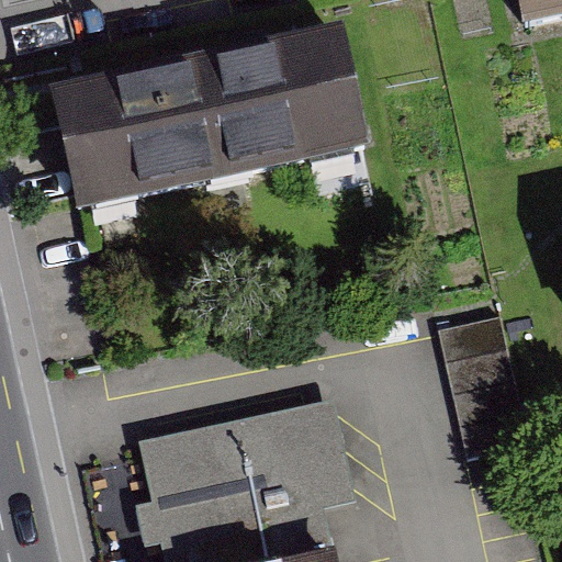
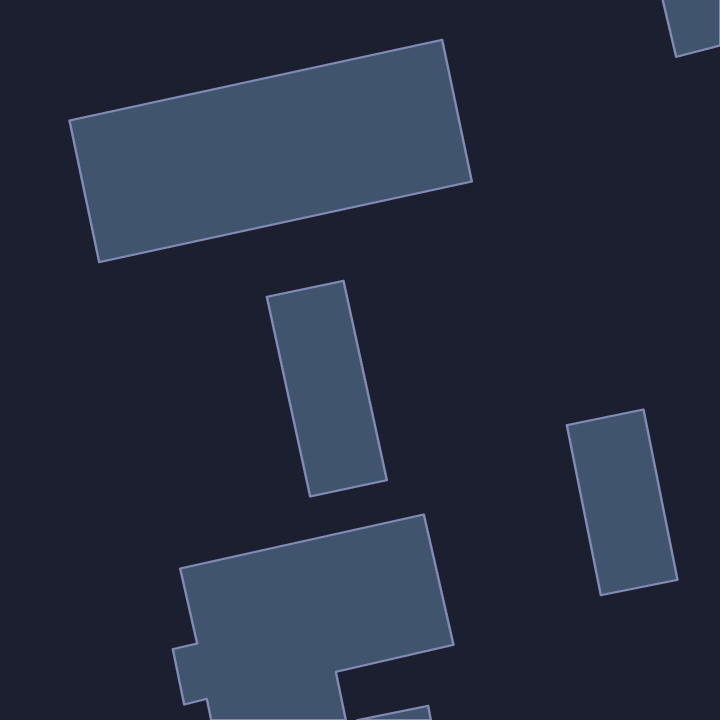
building: none -> [267,281,387,496]

